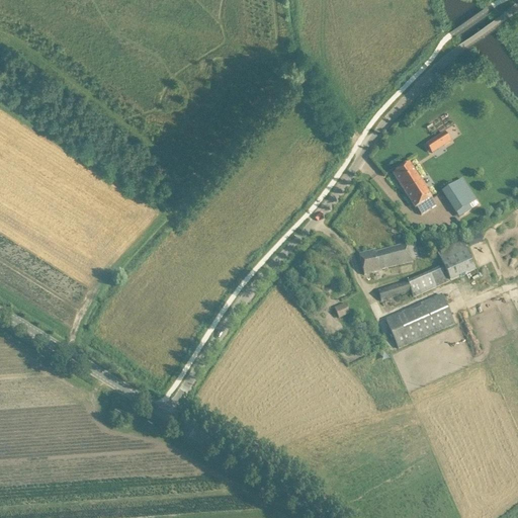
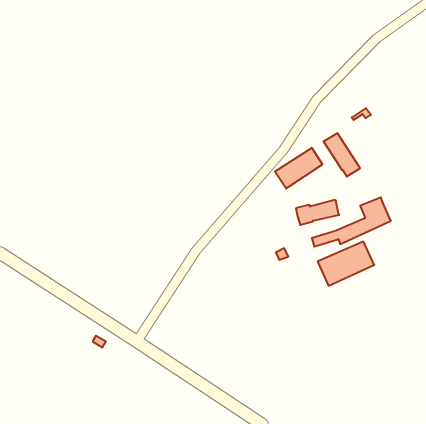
building: [442,177,479,215] -> none
building: none -> [275,148,322,189]

